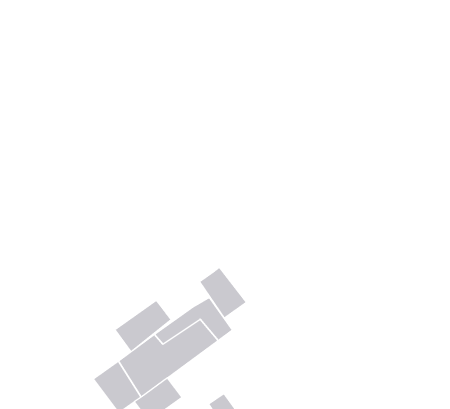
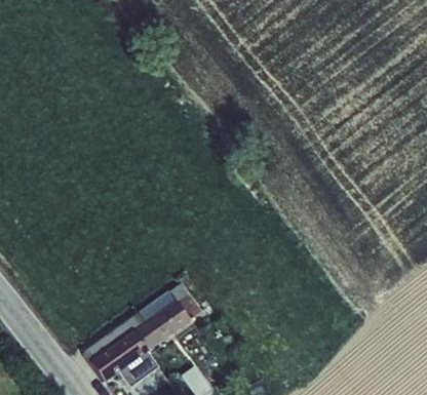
building: [200,267,247,318] -> none
building: [115,300,171,352] -> none

